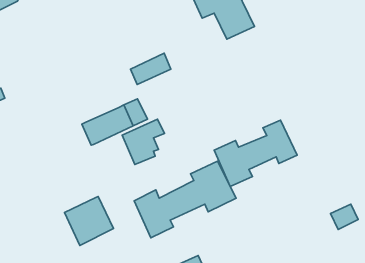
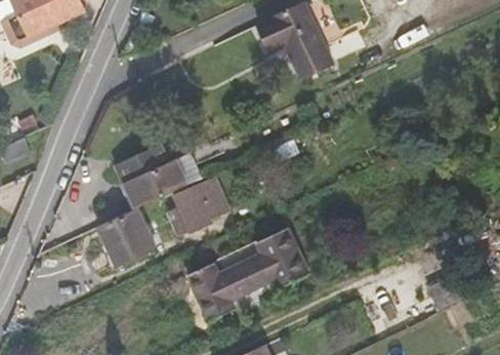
building: [130,53,171,84] -> [119,143,168,181]
building: [214,120,297,186] -> none
building: [65,197,114,245] -> [96,207,156,267]

